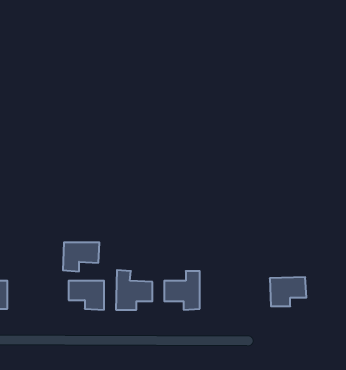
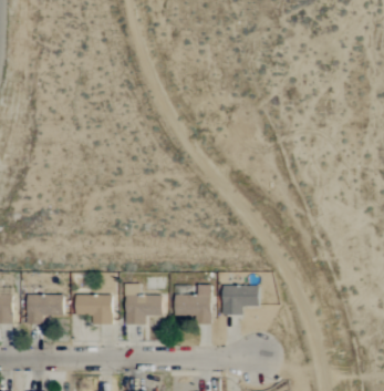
building: [63,242,99,271] -> [27,295,64,325]
building: [270,277,306,306] -> [222,285,260,315]

